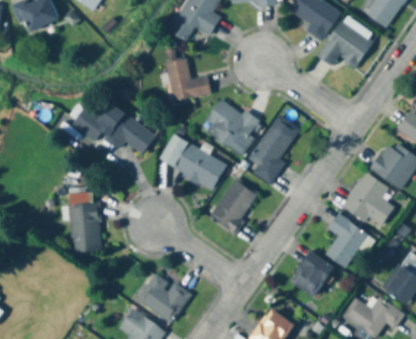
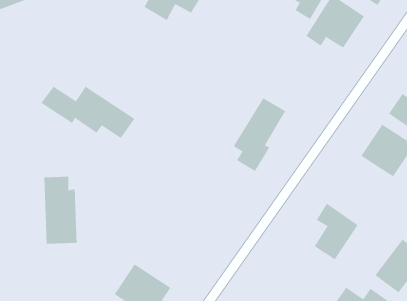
building: [166,51,211,101] -> none
building: [206,100,259,155] -> none
building: [159,135,227,192] -> none
building: [343,174,395,231] -> none
building: [209,180,261,236] -> none
building: [290,253,334,300] -> none

